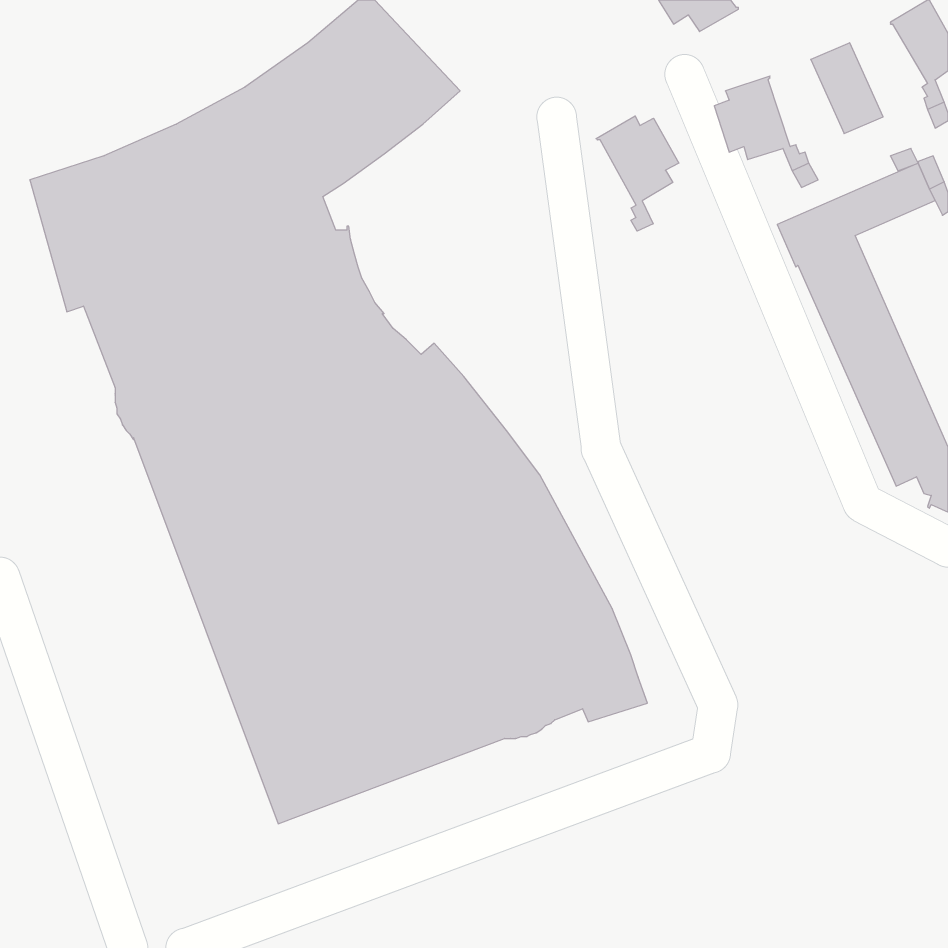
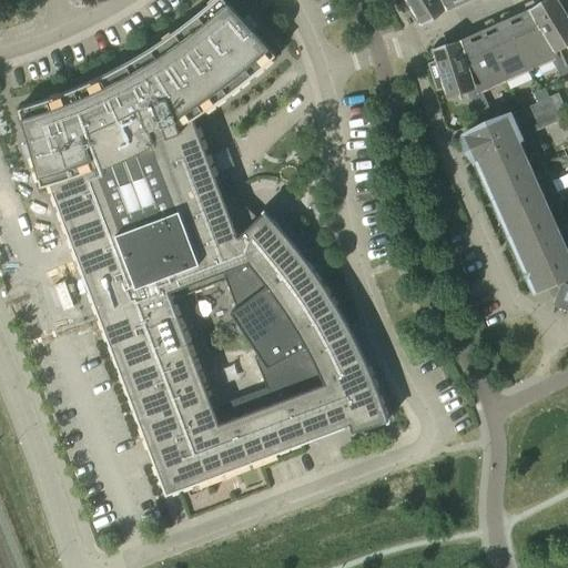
building: none -> [508,14,555,70]
building: none -> [459,36,505,92]
building: [596,116,679,231] -> none

